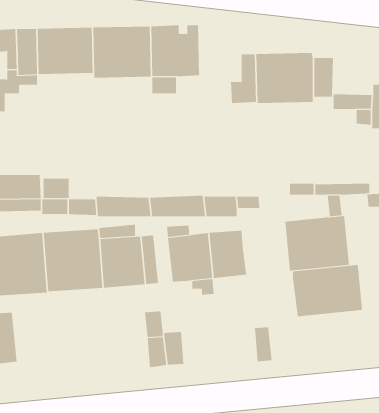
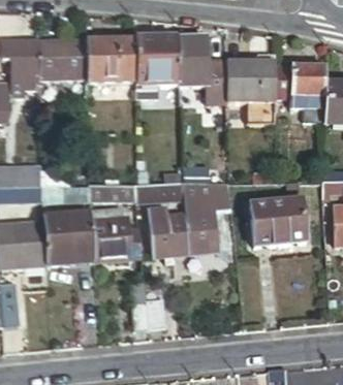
building: none -> [177,36,213,87]
building: none -> [291,65,326,97]
building: [292,264,363,317] -> none

